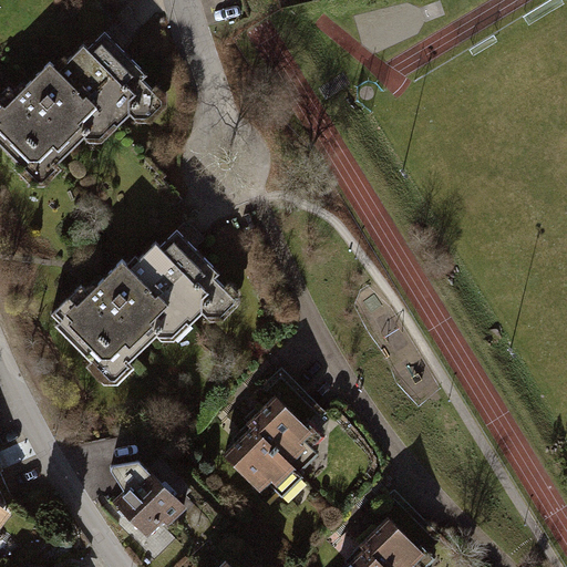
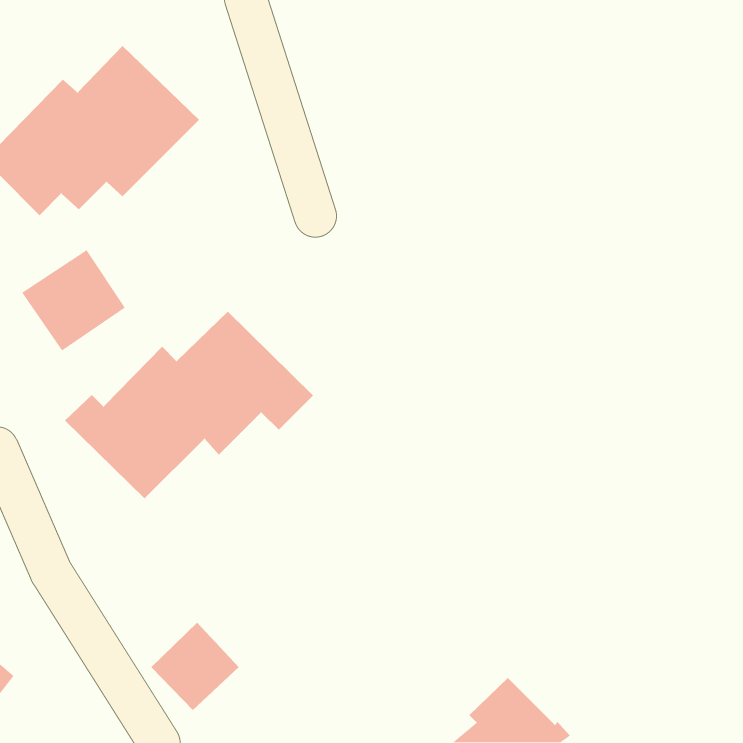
building: none -> [21,249,126,352]
building: [220,393,320,498] -> none

